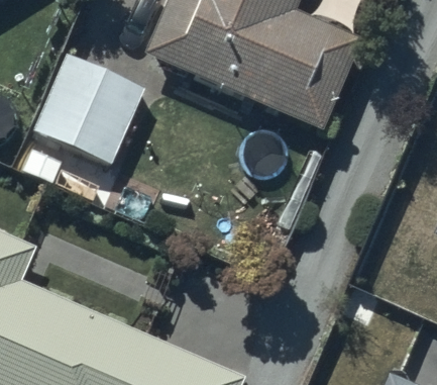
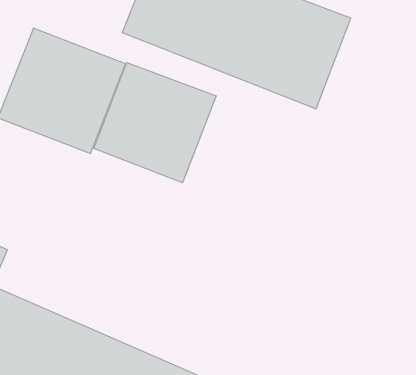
building: none -> [94,62,216,183]

